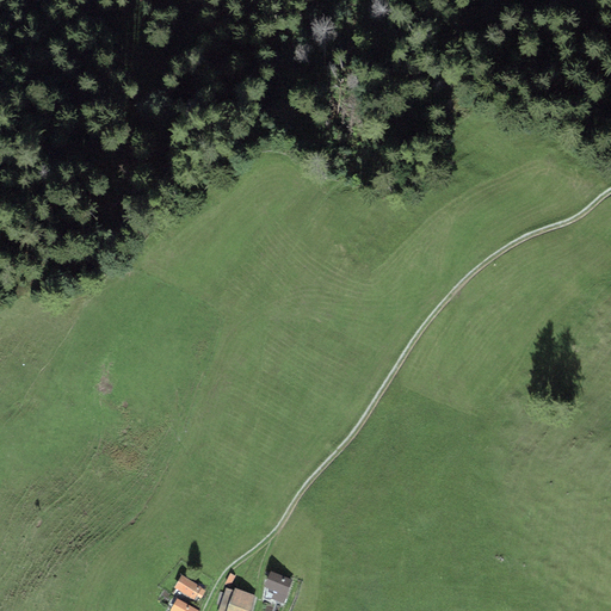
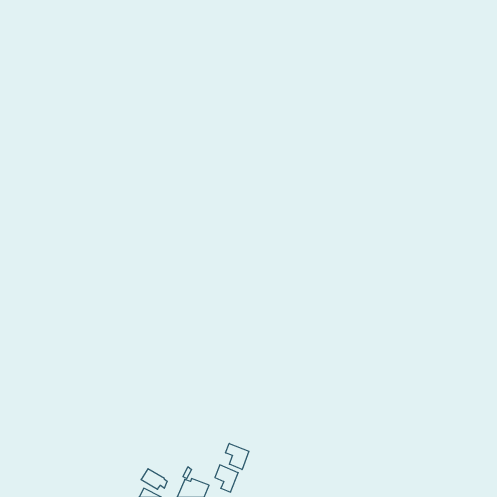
building: none -> [226,443,249,470]

